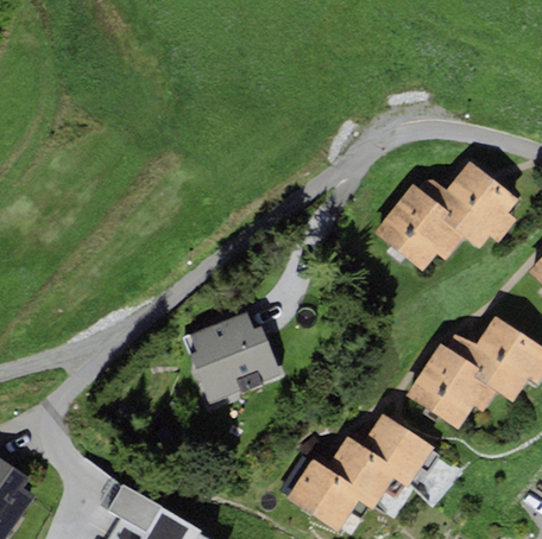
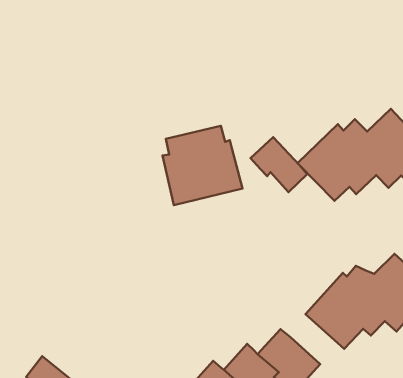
building: none -> [251,137,307,192]
building: [187,310,279,404] -> [162,126,242,205]

